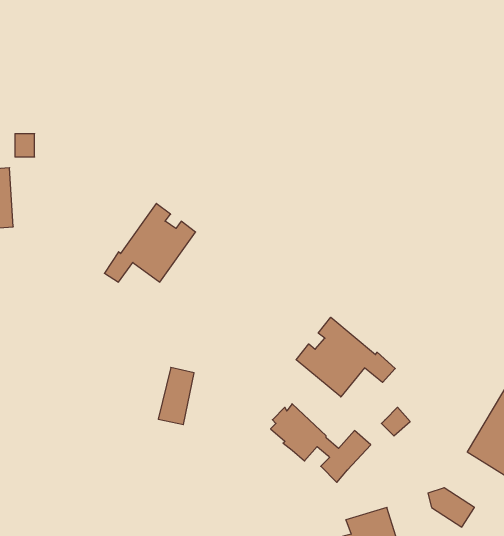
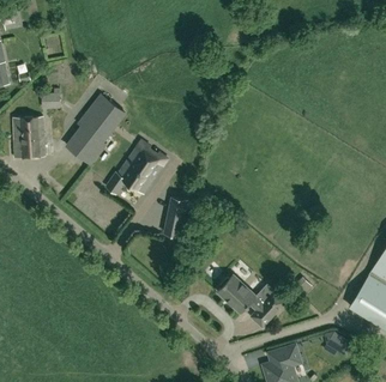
building: none -> [66,95,123,164]
building: [296,317,395,397] -> none
building: [158,367,194,425] -> [163,198,187,236]

